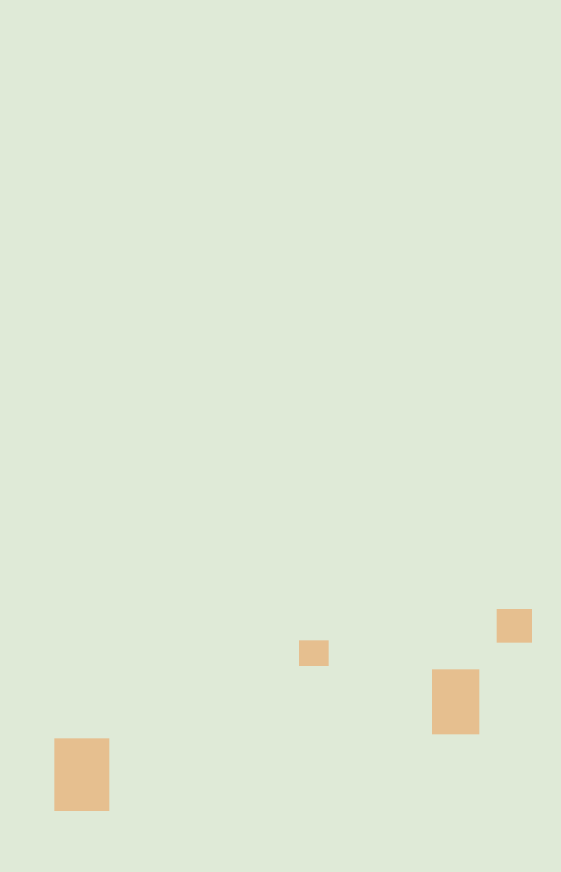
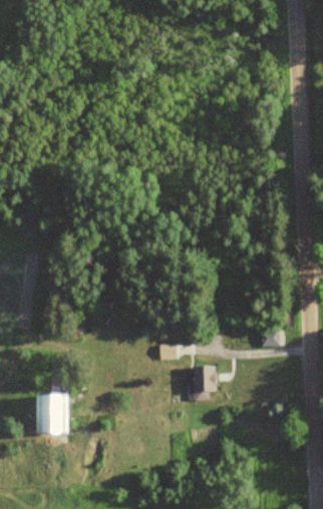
building: [431,668,480,735] -> [190,366,215,400]

